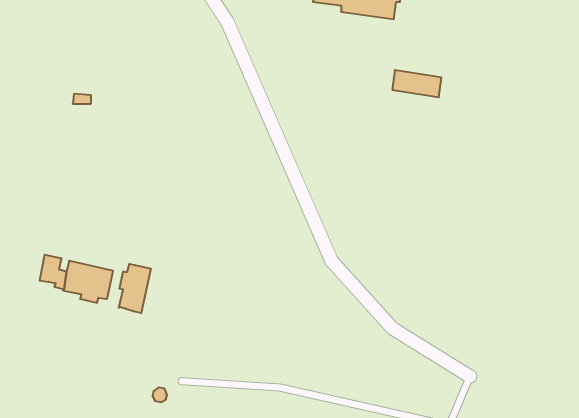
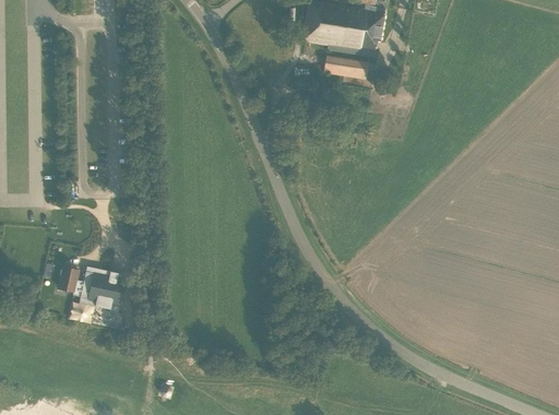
building: [392,70,441,97] -> [323,55,367,79]
building: [119,264,151,313] -> none

